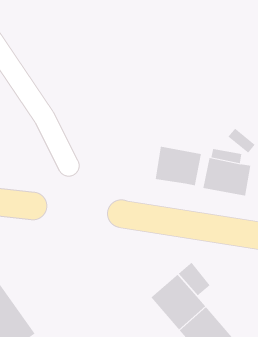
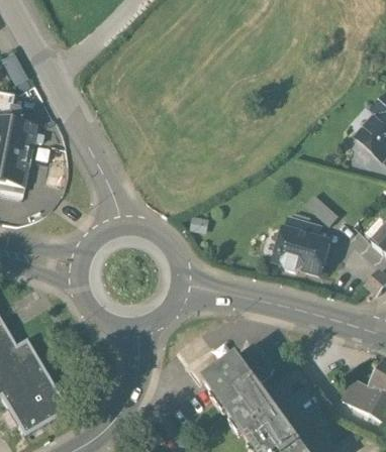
building: [155,146,201,186] -> none

